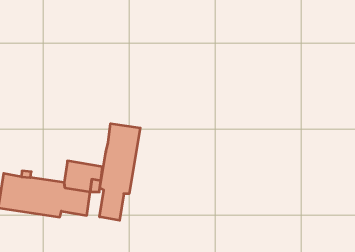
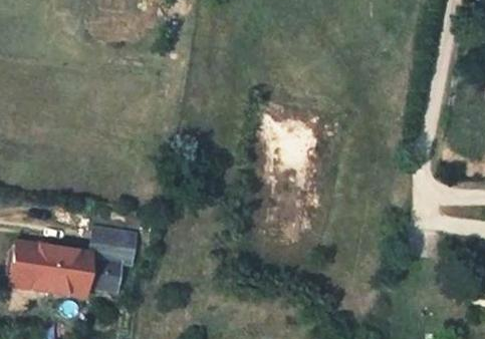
building: [100,124,140,220] -> none

